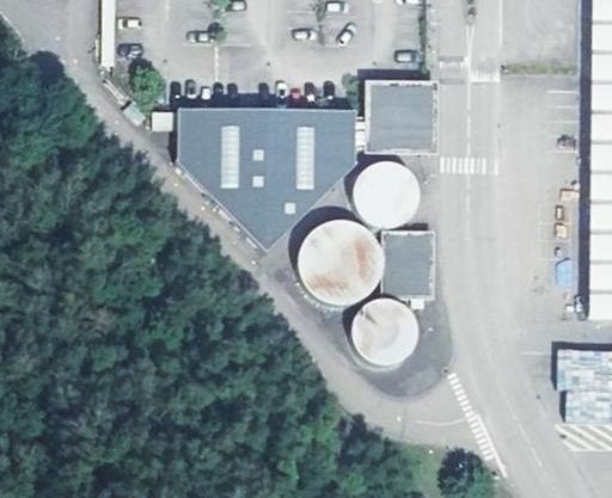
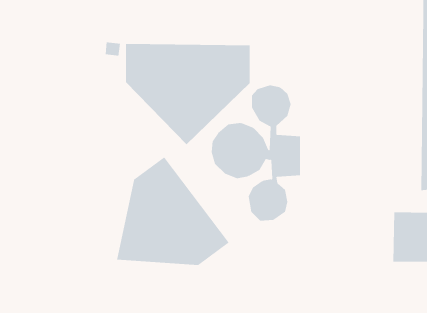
building: [371,84,433,147] -> none
building: none -> [117,156,229,266]

